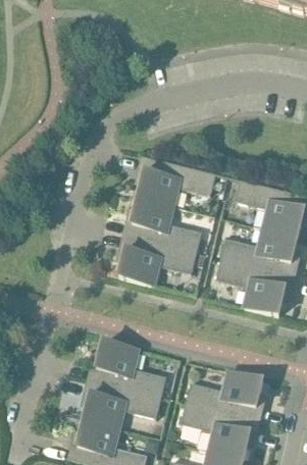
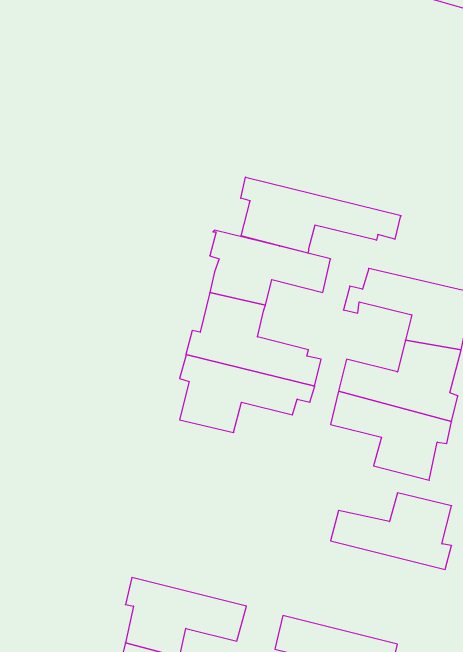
building: none -> [241,177,401,253]
building: [89,340,166,395] -> none
building: [186,370,263,419] -> [331,493,452,569]

